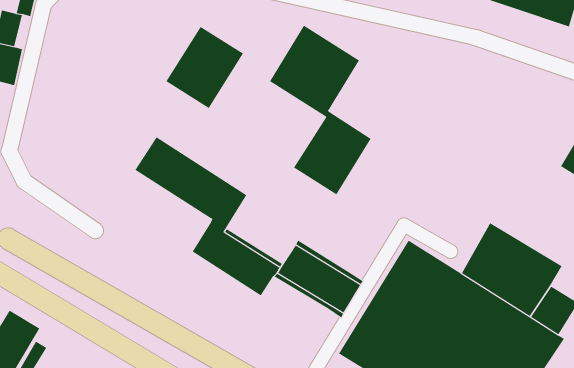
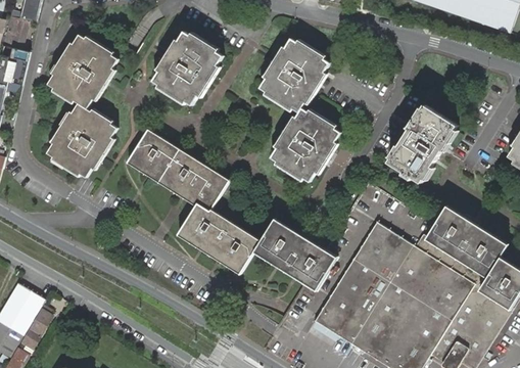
building: none -> [46,31,119,174]
building: none -> [387,102,458,182]

